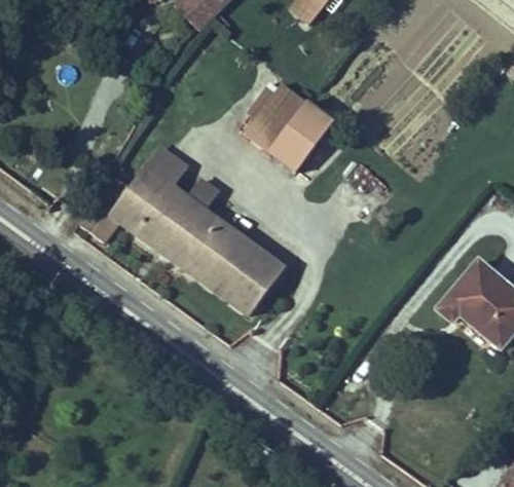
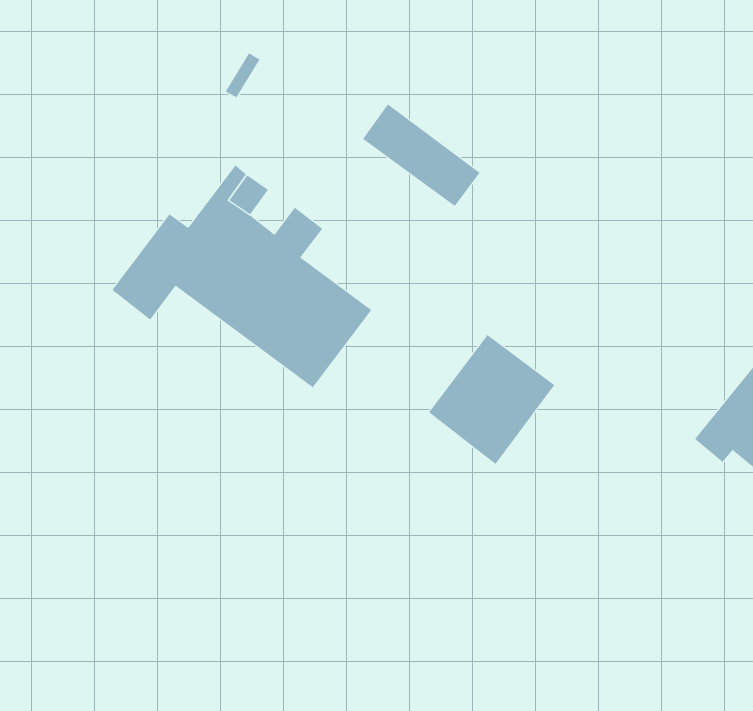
building: [254,80,333,152] -> none
building: [209,235,286,314] -> [428,334,555,465]

